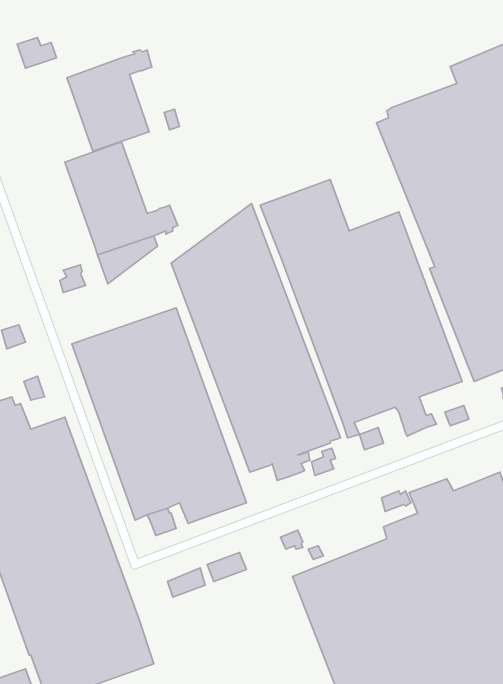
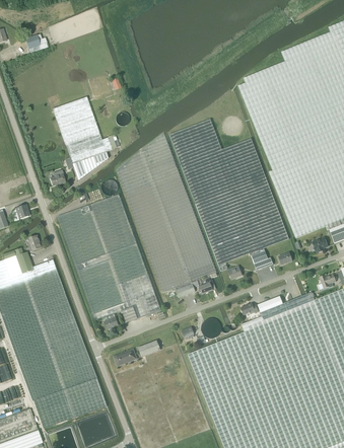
building: [67,50,152,151] -> none

